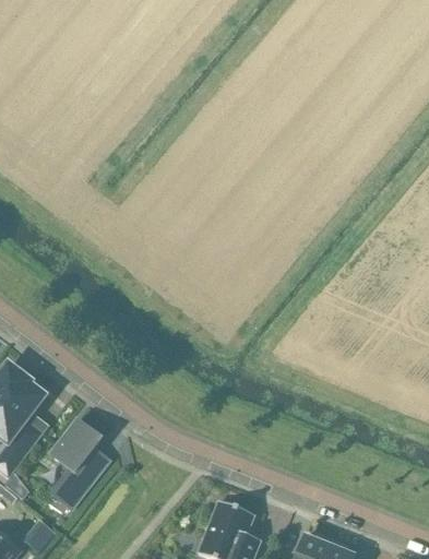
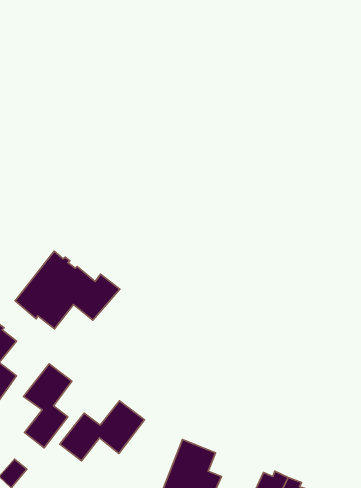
building: none -> [15,251,120,329]
building: none -> [60,401,144,461]

